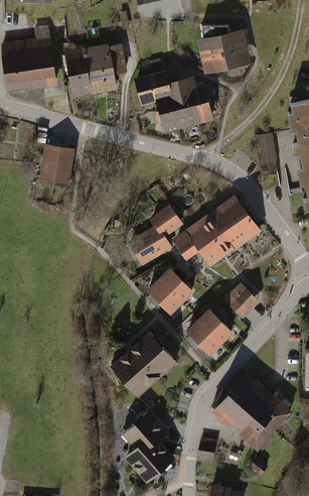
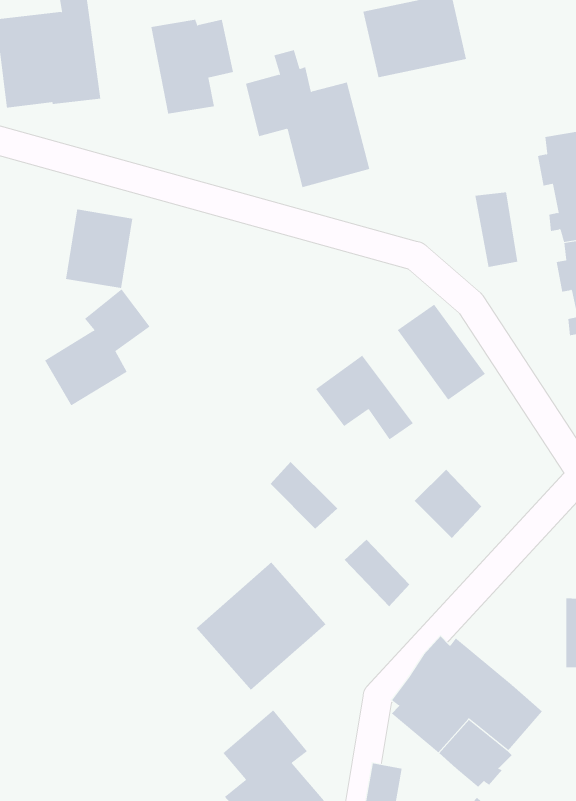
building: [62,44,92,97] -> none
building: [187,74,213,122] -> none
building: [127,203,183,265] -> [44,289,150,406]
building: [195,208,241,257] -> none
building: [157,266,193,302] -> none
building: [197,307,233,343] -> none

